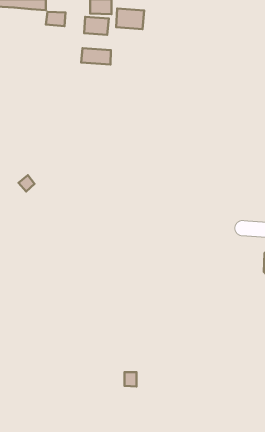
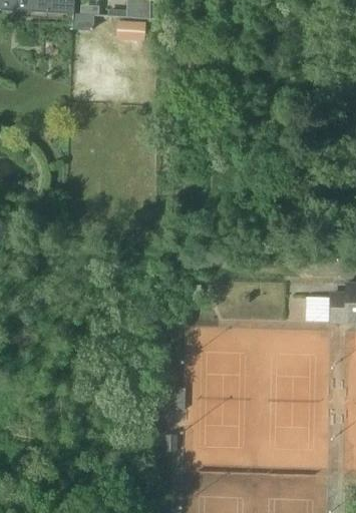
building: [116,8,144,29] -> none
building: [81,48,111,65] -> none

